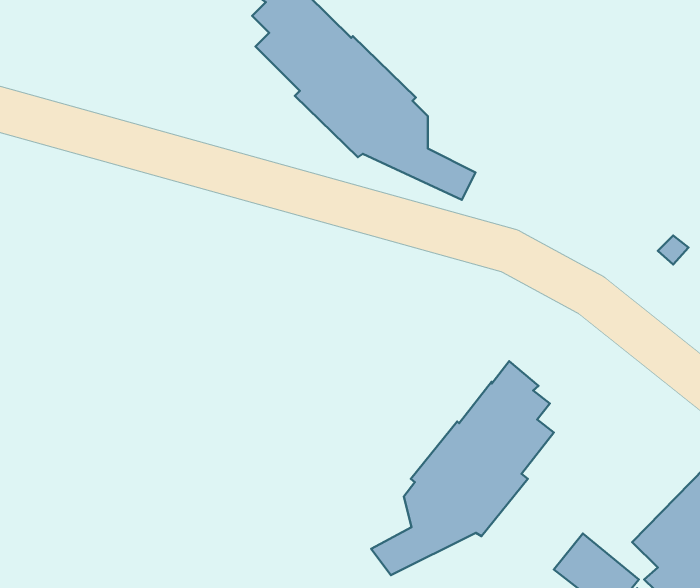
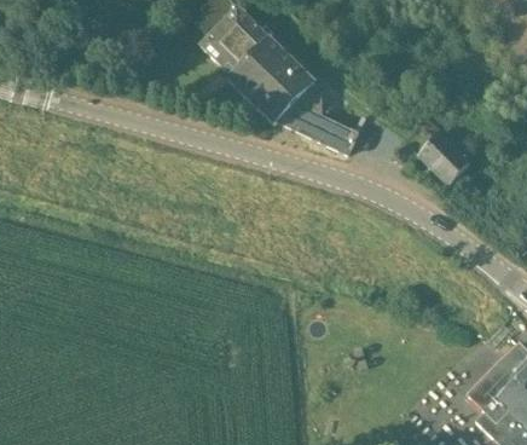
building: none -> [418,132,470,184]
building: [371,361,554,575] -> none

